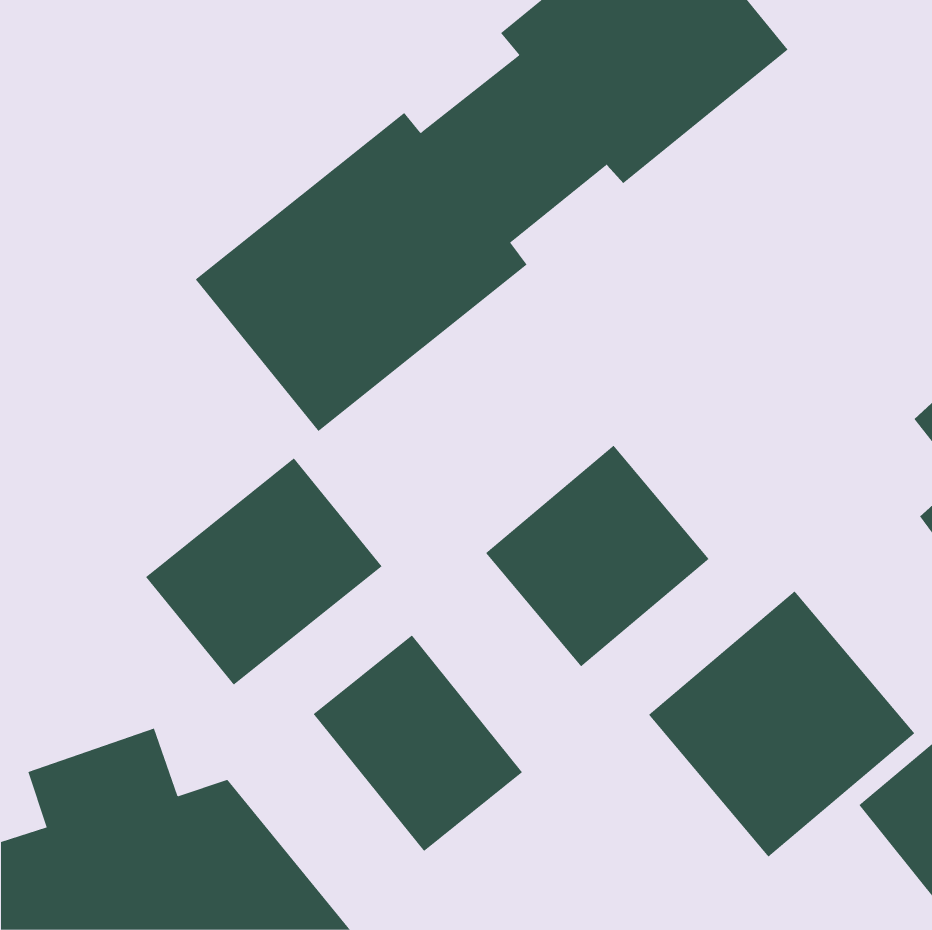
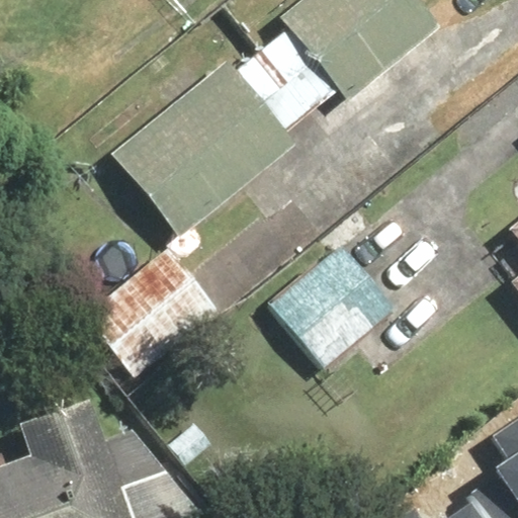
building: [648,591,915,857] -> none
building: [313,635,523,852] -> none

